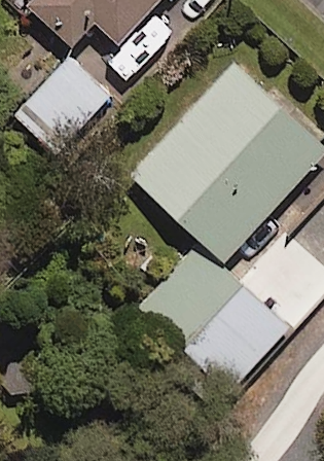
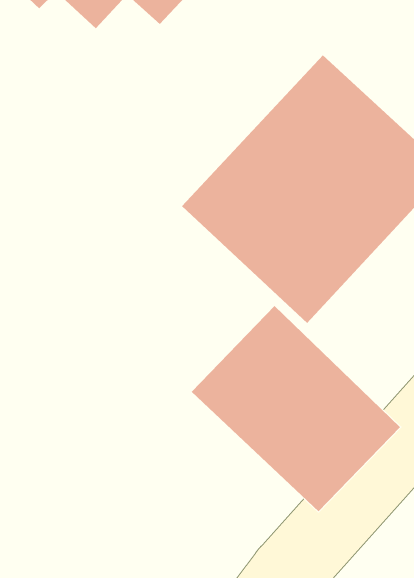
building: [15,59,110,153] -> none

